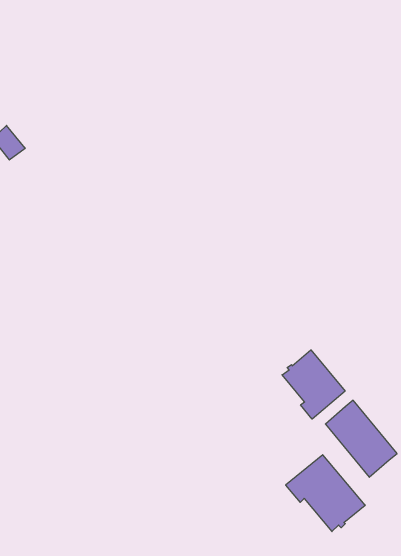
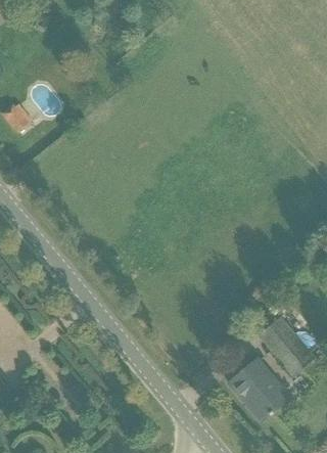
building: [282,350,345,419] -> none

